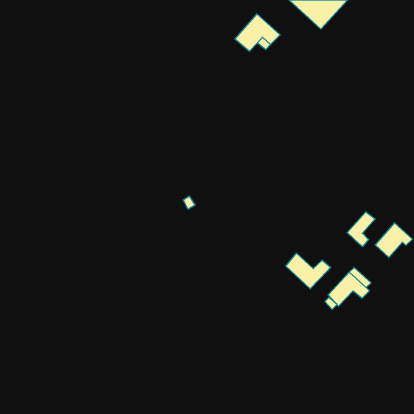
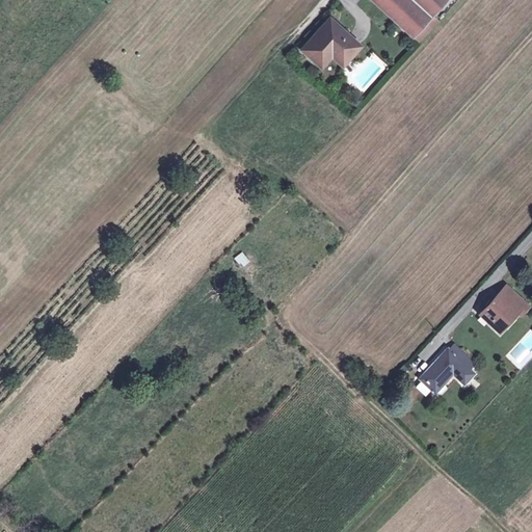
building: [347,212,375,247] -> none
building: [286,253,331,289] -> none

